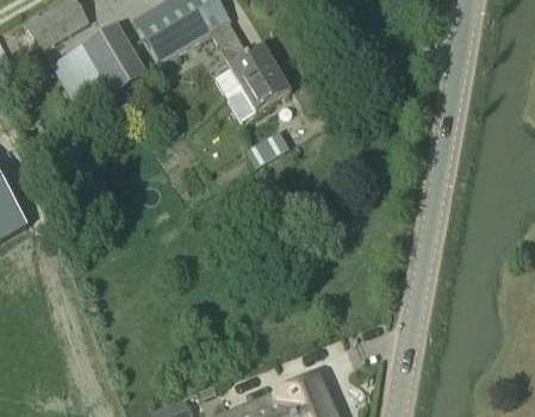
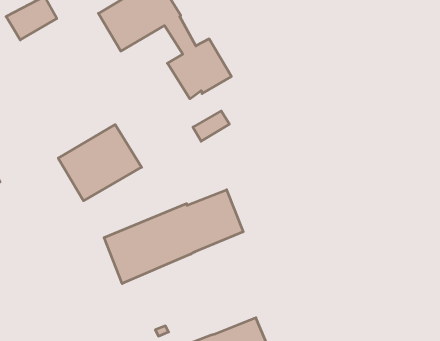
building: [50,23,148,112] -> [58,125,142,201]
building: none -> [104,190,243,284]

